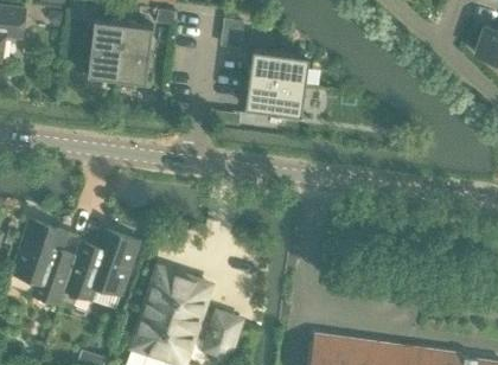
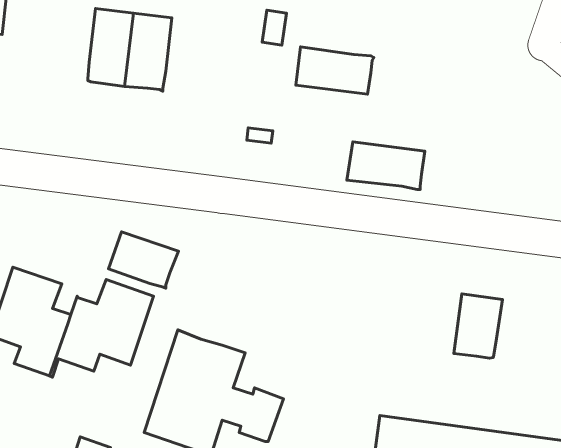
building: [244,78,305,115] -> [347,142,425,189]
building: none -> [109,232,179,288]
building: none -> [454,294,502,358]

